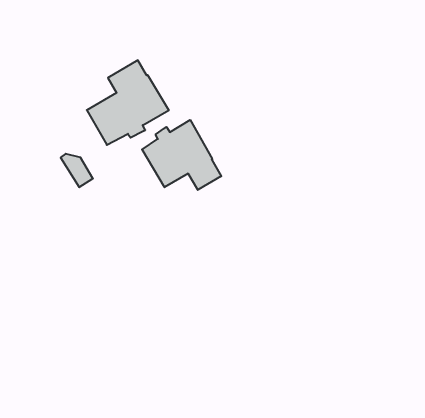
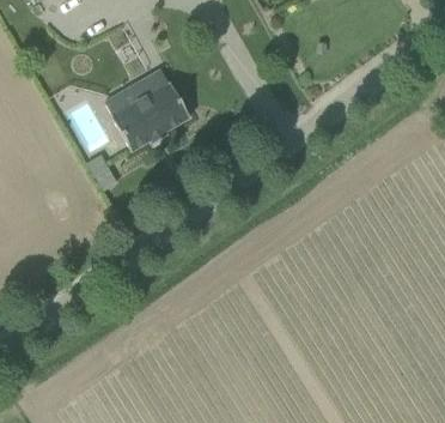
building: [142,120,221,190] -> none

